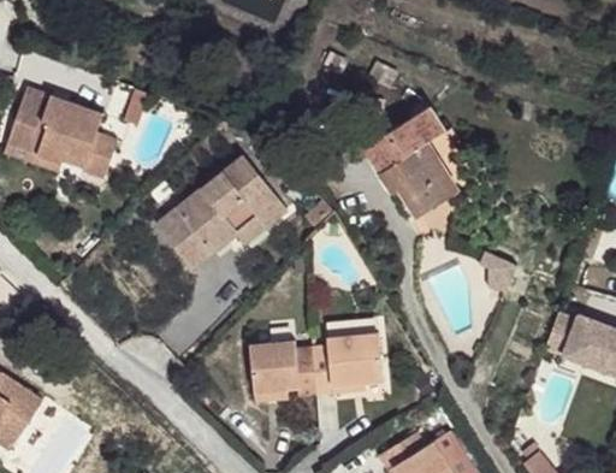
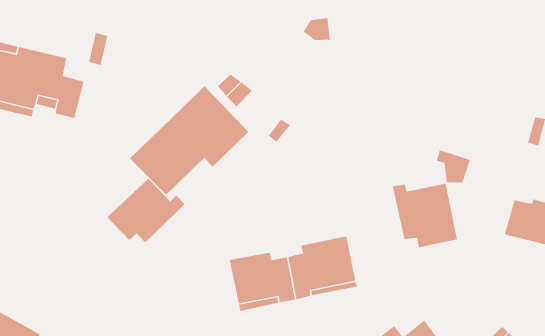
building: [365,106,458,215] -> none
building: none -> [106,178,186,243]
building: none -> [392,183,458,248]

